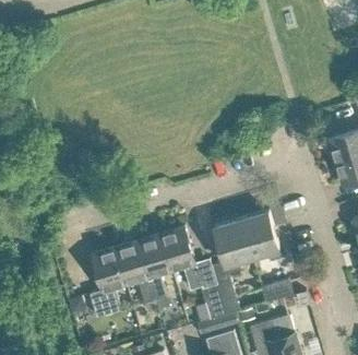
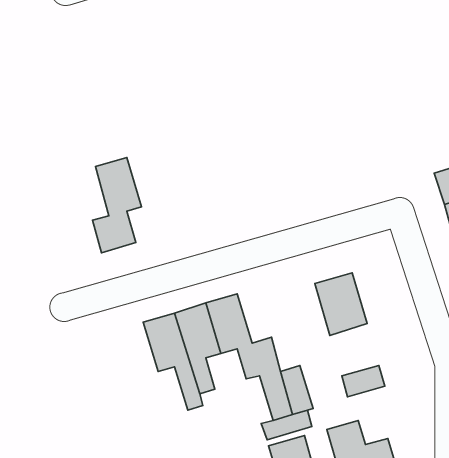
building: [213,220,251,274] -> none
building: [90,248,126,318] -> [92,158,142,253]

